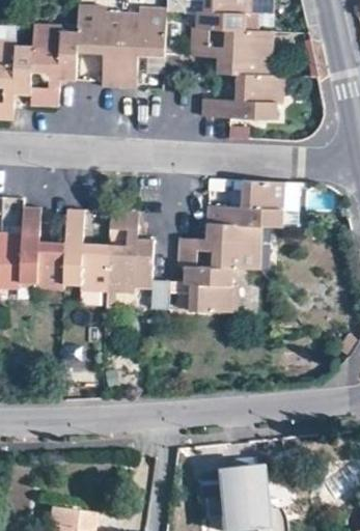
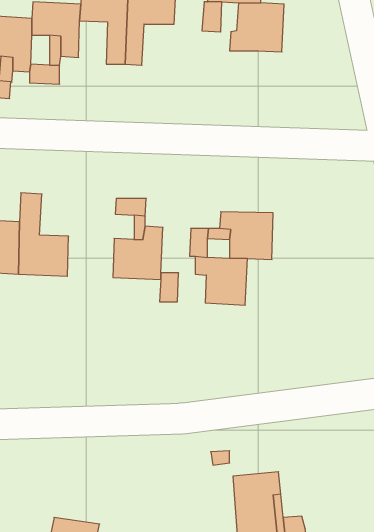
building: [201,74,277,120] -> none
building: [207,179,283,226] -> none
building: [64,209,108,285] -> none

